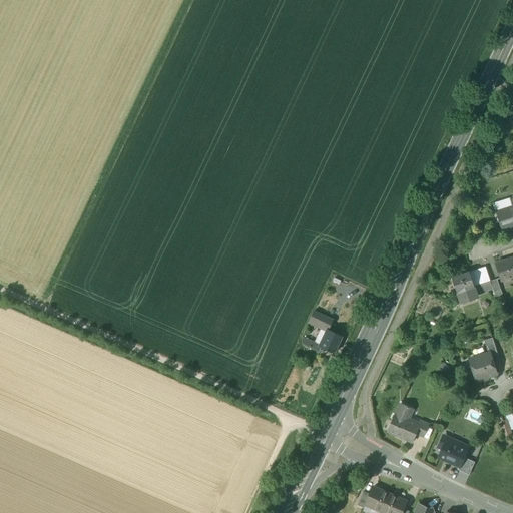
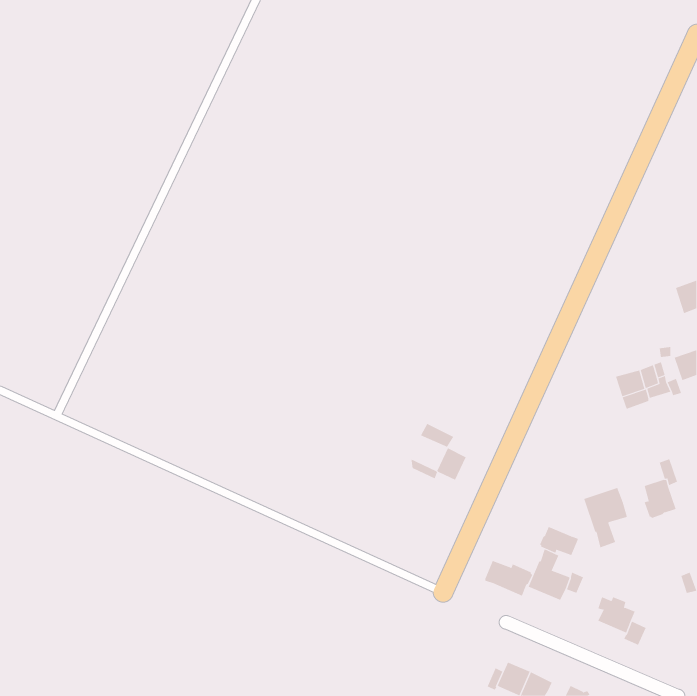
building: none -> [583,487,627,548]
building: none -> [539,526,578,556]
building: none -> [485,560,533,596]

